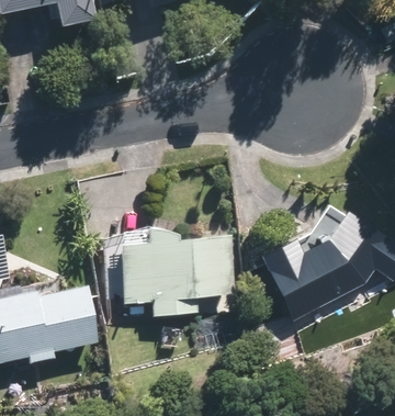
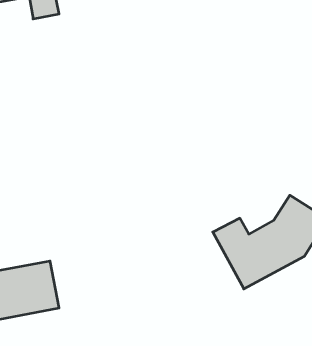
building: [126,238,234,311] -> none

